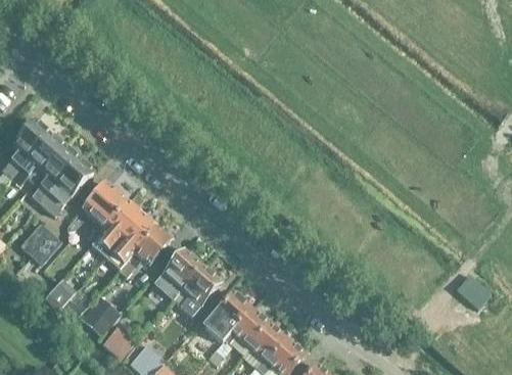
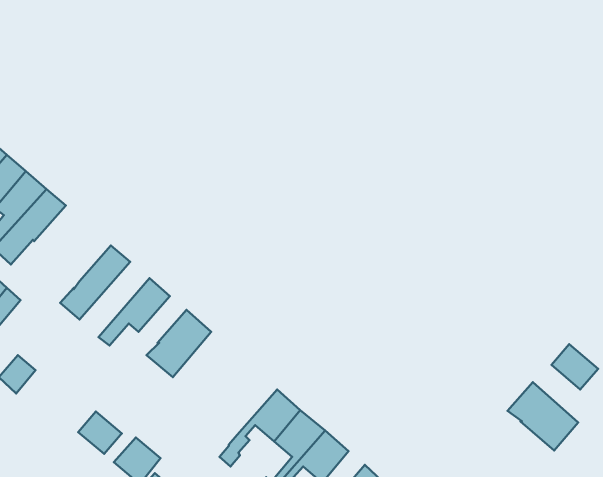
building: [82,183,128,227] -> none
building: [104,213,156,269] -> none
building: [174,265,222,315] -> none
building: [203,292,251,341] -> none
building: [77,296,119,334] -> none
building: none -> [508,382,578,451]

